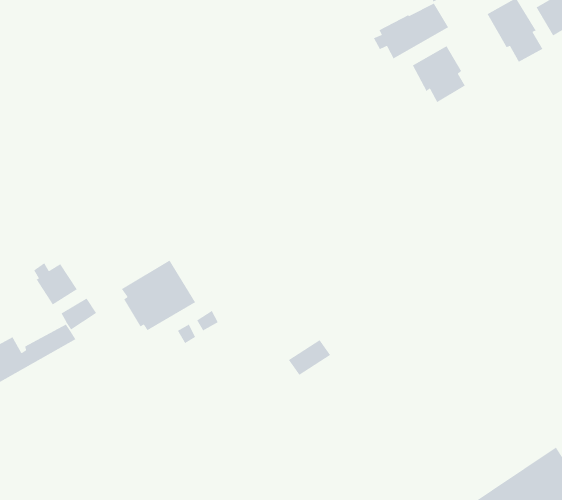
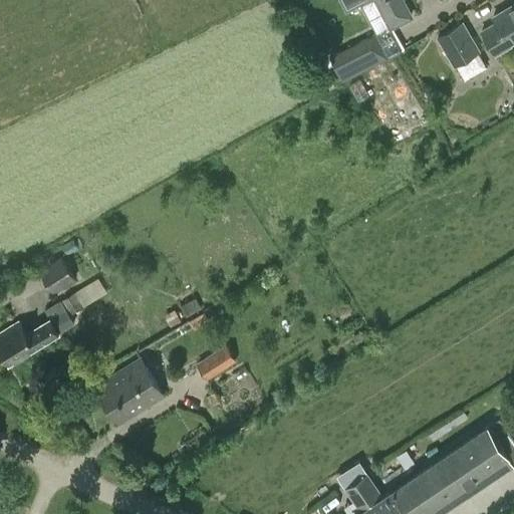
building: [412,45,466,103] -> none
building: [121,259,196,331] -> [96,359,163,423]
building: [288,339,331,376] -> [198,348,236,380]

